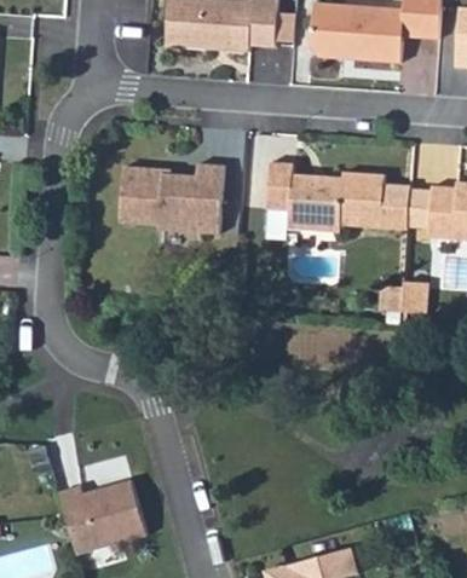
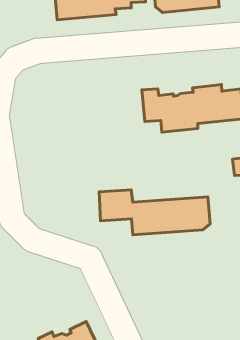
building: [119,163,224,231] -> none
building: none -> [99,190,210,235]

